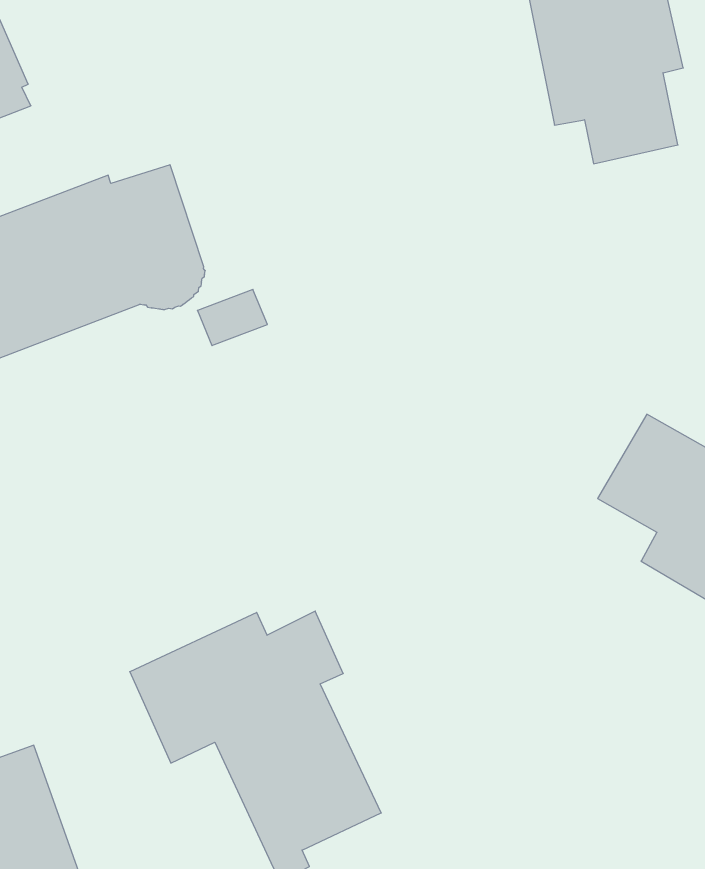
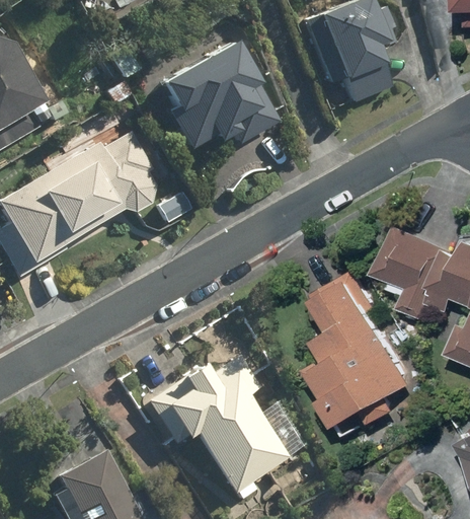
building: none -> [162,38,279,149]
building: none -> [315,274,418,427]

